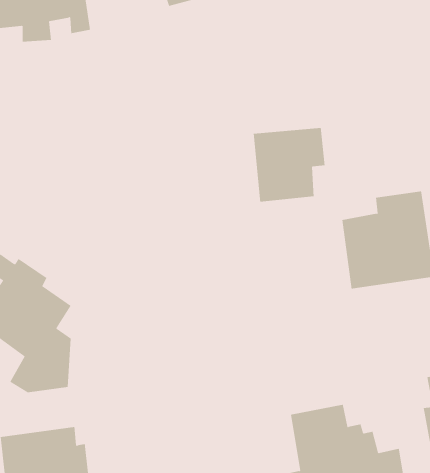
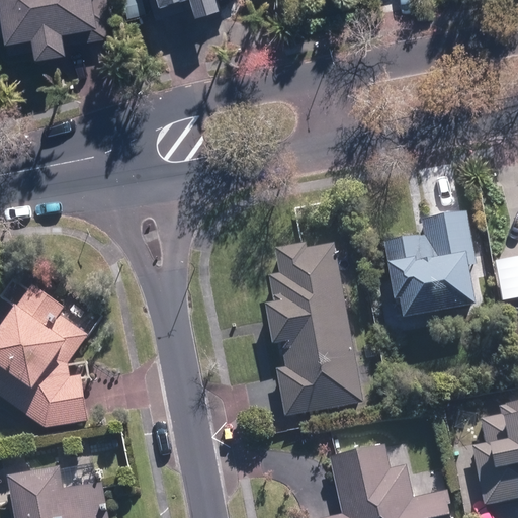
building: [253,127,325,203] -> none
building: none -> [265,239,356,414]

